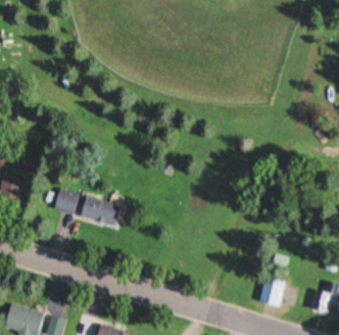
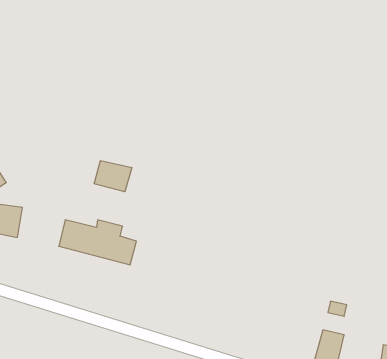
building: none -> [94,161,132,192]

